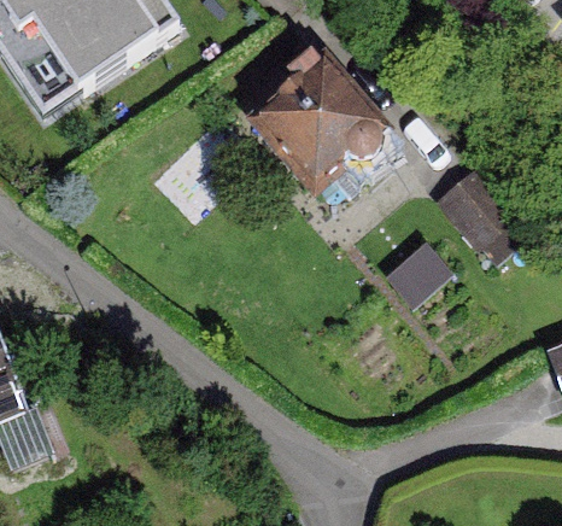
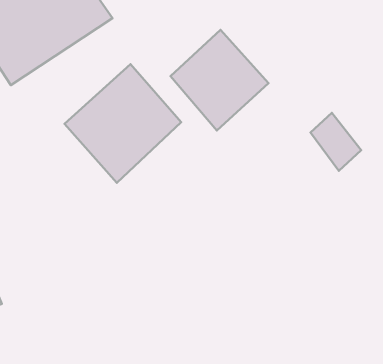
building: none -> [65,64,181,183]

